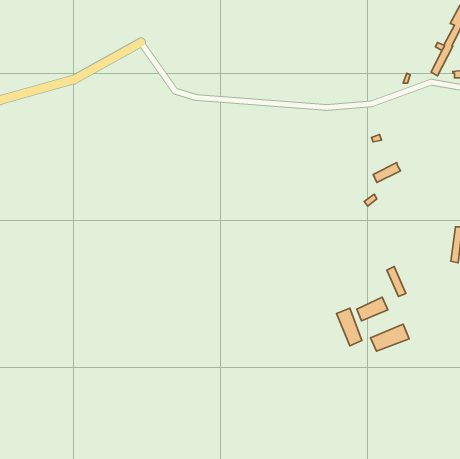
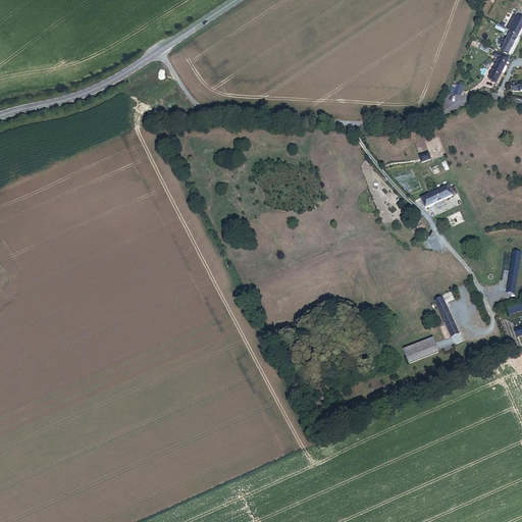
building: [336,308,362,346] -> none
building: [370,324,409,351] -> none

